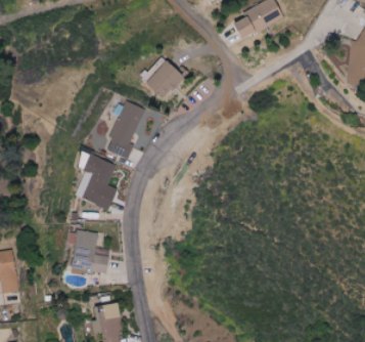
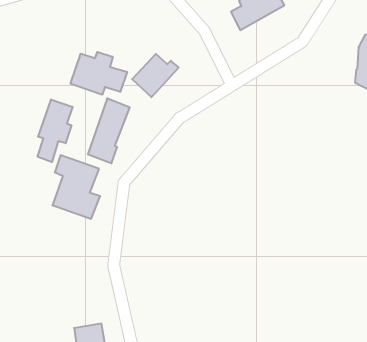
building: none -> [71,52,127,95]
building: none -> [38,99,73,162]
building: [64,229,110,272] -> none

